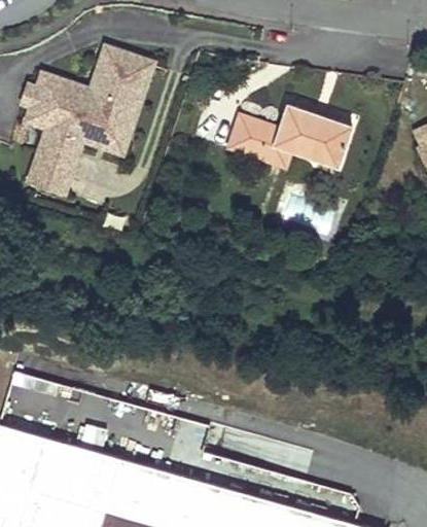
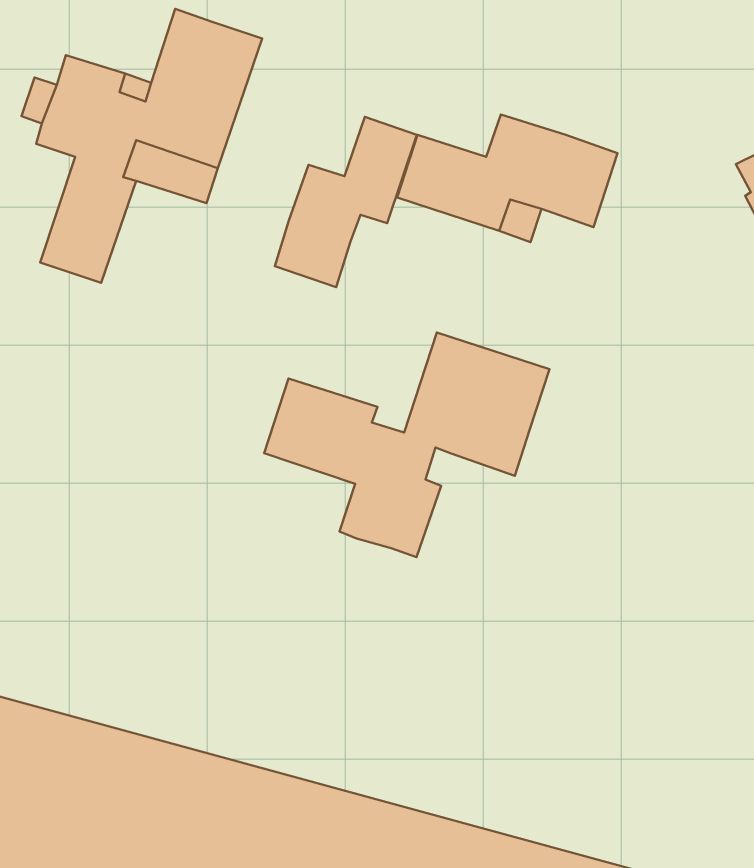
building: none -> [275,117,417,287]
building: none -> [264,333,550,557]

